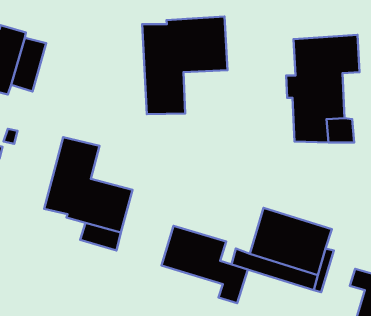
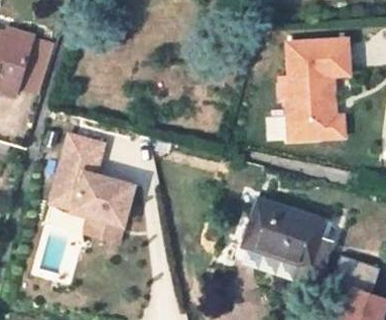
building: [142,17,228,114] -> none
building: [161,226,248,303] -> none

